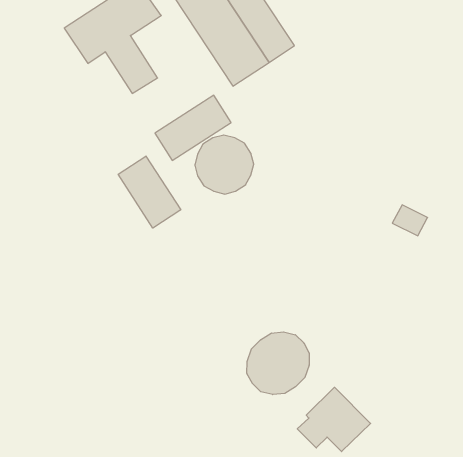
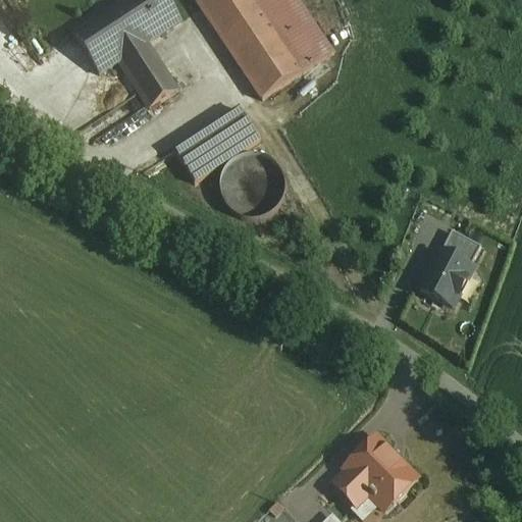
building: [118,156,181,228] -> none
building: none -> [421,250,473,305]
building: [247,332,309,395] -> none

